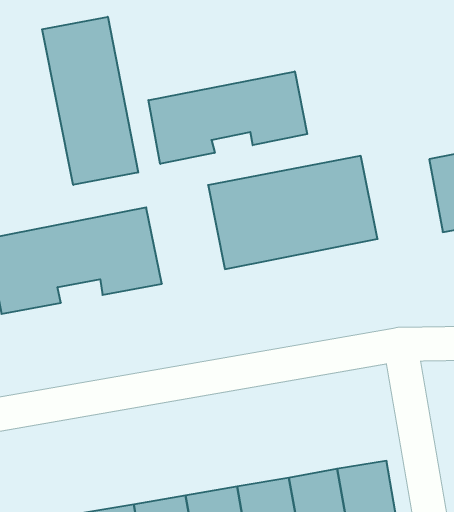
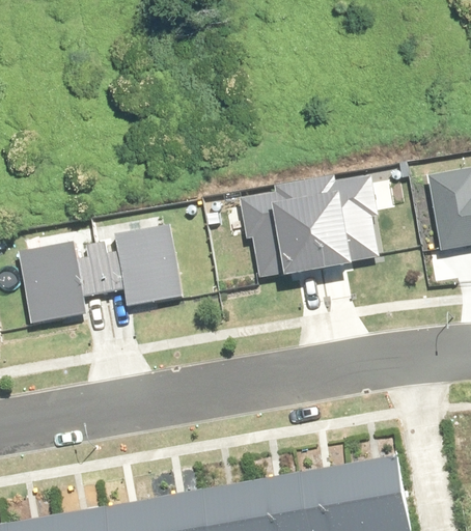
building: [42,17,138,185] -> none
building: [148,71,307,164] -> none

